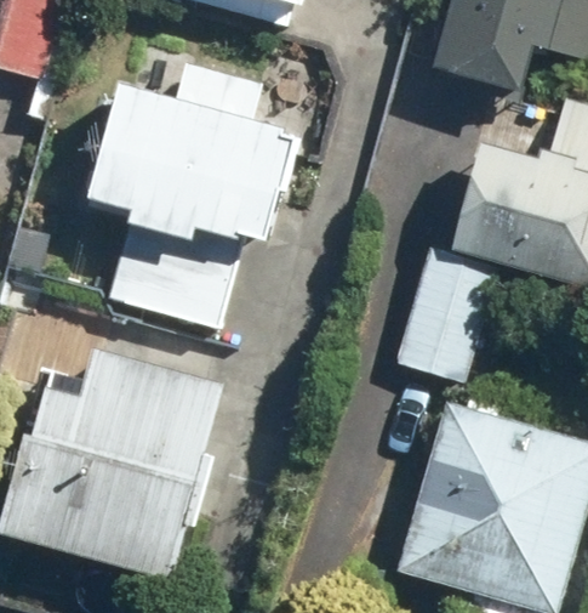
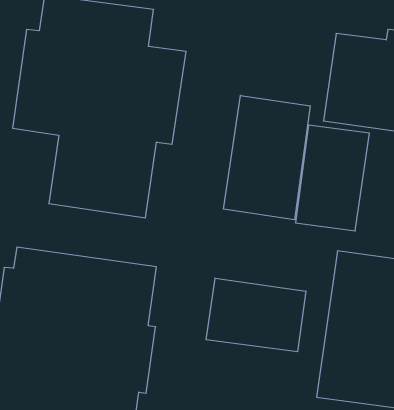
building: none -> [224,95,310,220]
building: none -> [206,278,306,352]

